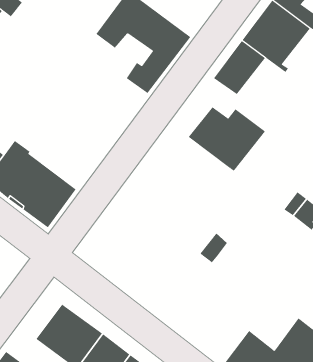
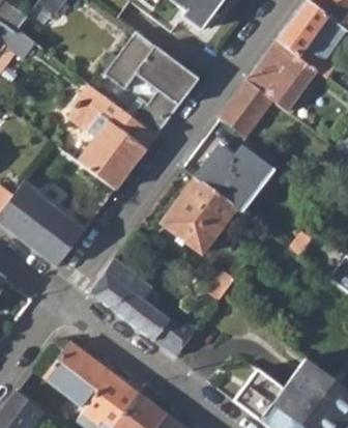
building: none -> [69,87,156,190]
building: none -> [161,177,237,254]
building: none -> [90,259,199,358]

